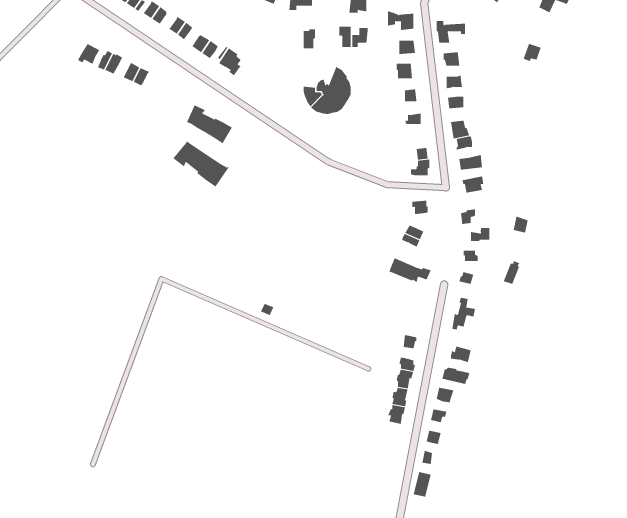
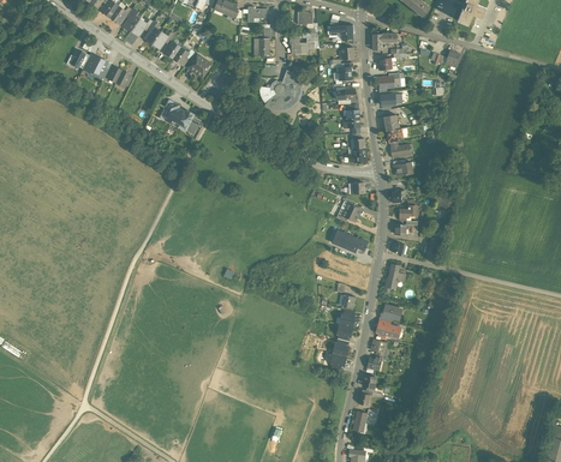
building: [172,140,229,187] -> none

